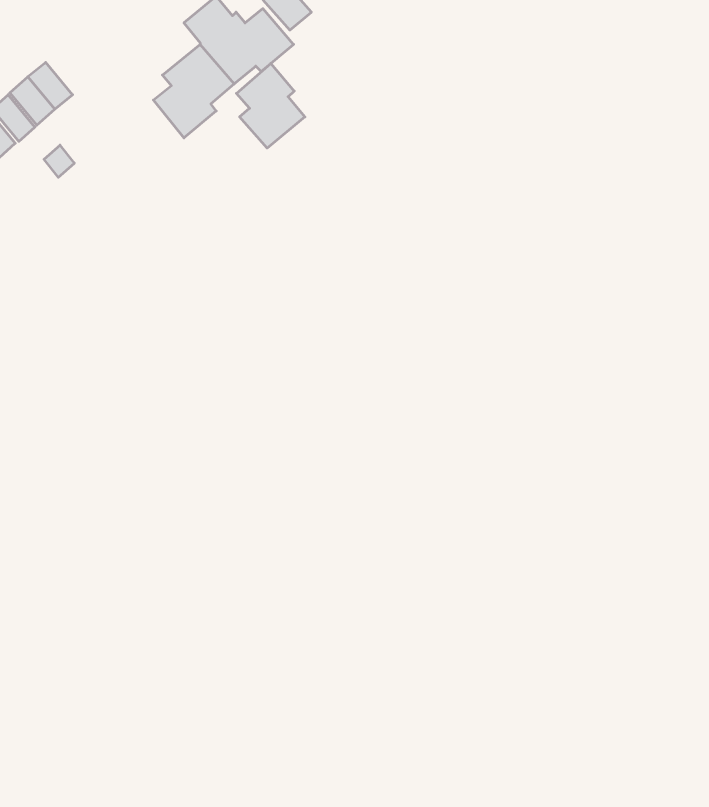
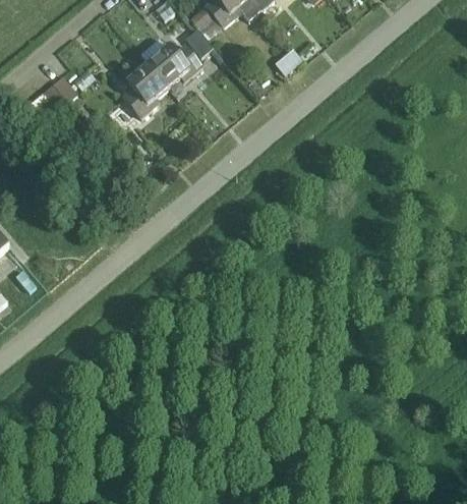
building: [236,63,305,148] -> none

